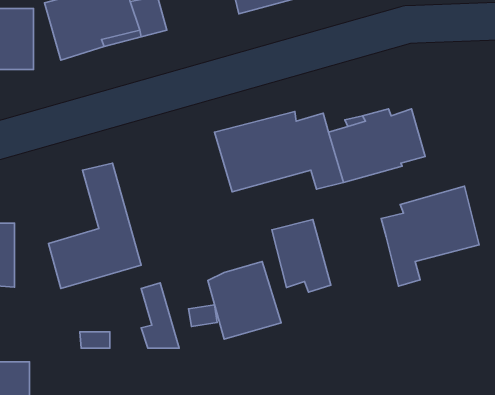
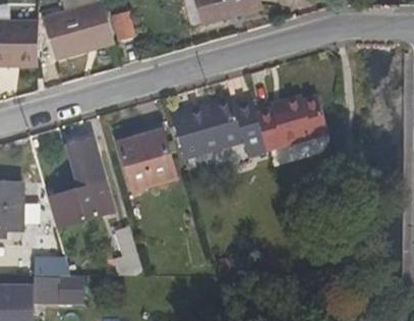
building: [381,186,479,286] -> none
building: [272,219,331,292] -> none
building: [208,262,281,339] -> [120,131,175,190]
building: none -> [35,278,93,303]

